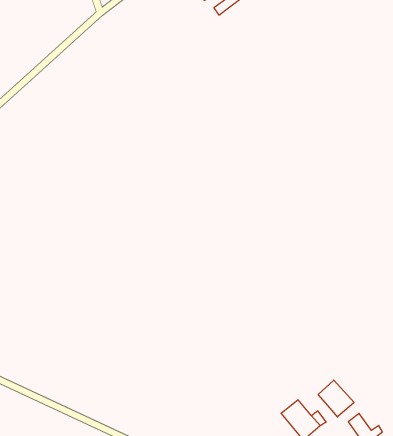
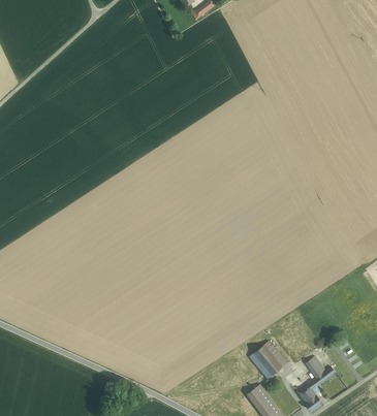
building: [318,380,354,417] -> none

